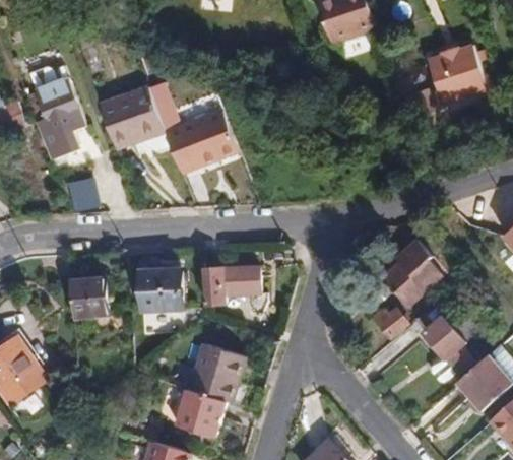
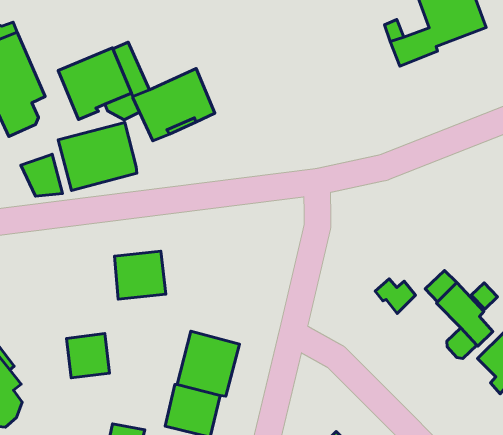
building: none -> [58,122,137,190]
building: [381,239,441,306] -> none
building: [202,266,259,303] -> none
building: [69,278,106,316] -> [66,334,110,378]

